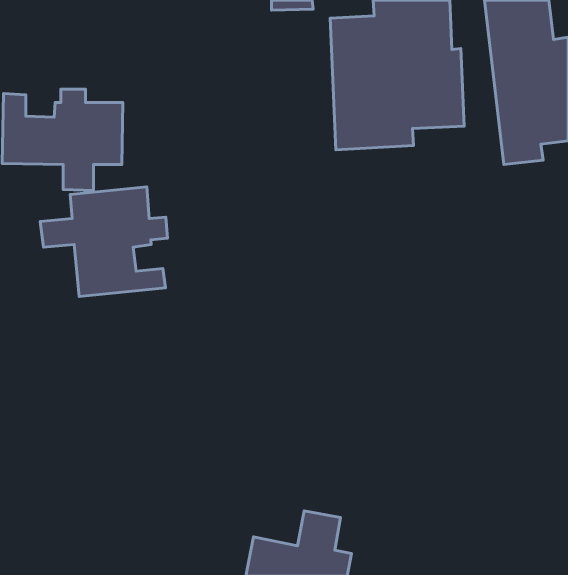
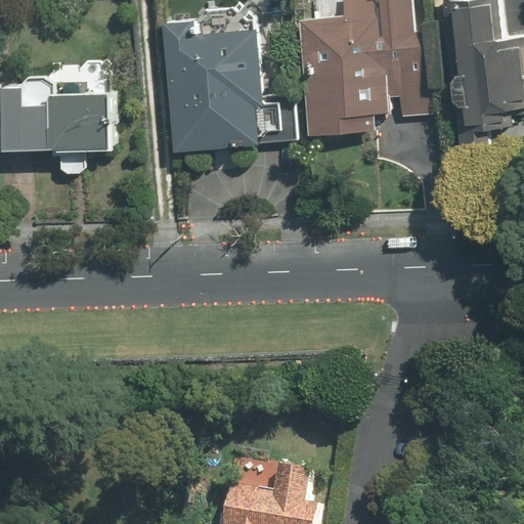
building: none -> [161,9,297,145]
building: [40,187,168,296] -> none

